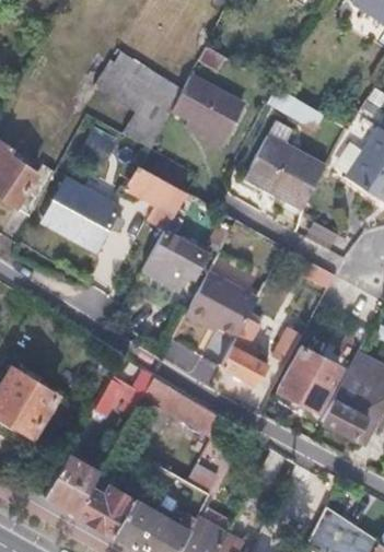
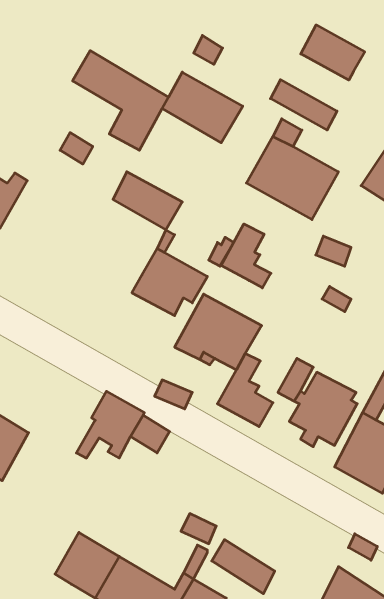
building: none -> [301,25,365,80]
building: [45,178,118,243] -> none
building: none -> [221,224,271,288]
building: [167,390,222,437] -> [212,540,275,594]
building: [46,454,102,514] -> none

